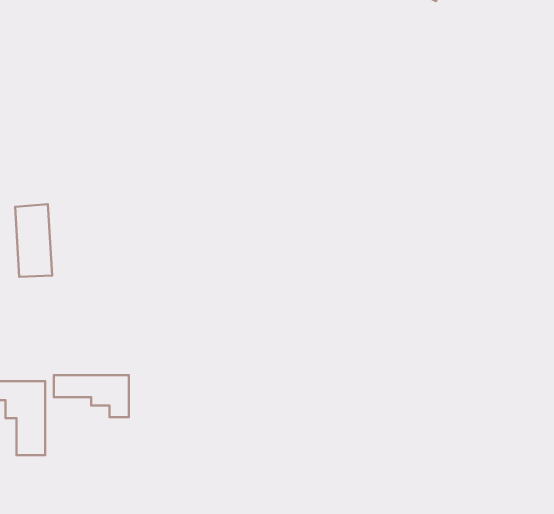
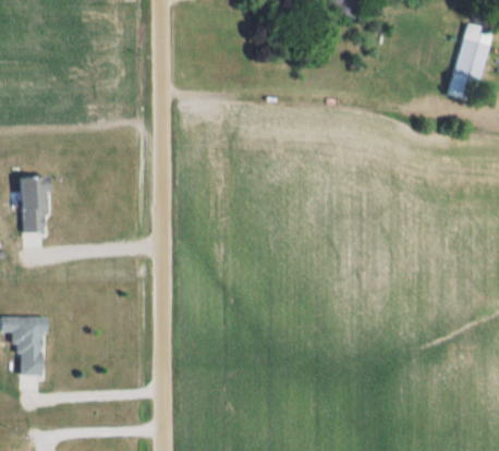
building: [54,375,129,417] -> none

